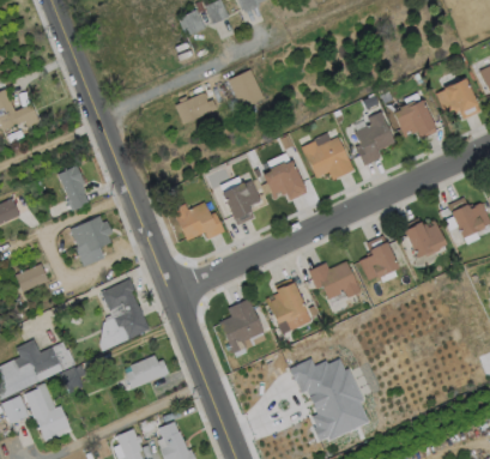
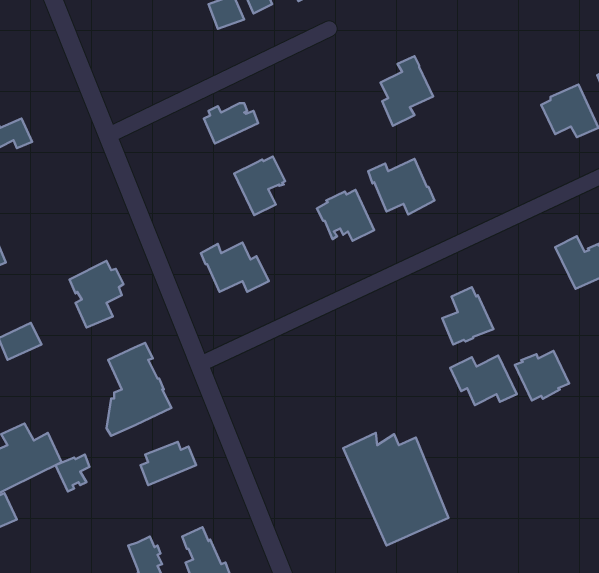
building: [228,70,264,109] -> none
building: [393,99,435,138] -> none
building: [355,111,395,165] -> [381,56,433,126]
building: [58,165,89,211] -> none
building: [222,180,261,225] -> [234,157,285,215]
building: [404,219,446,258] -> [515,351,569,400]
building: [309,261,361,300] -> [450,356,517,405]
building: [266,278,311,330] -> none
building: [219,298,265,354] -> none
building: [24,388,69,441] -> none

